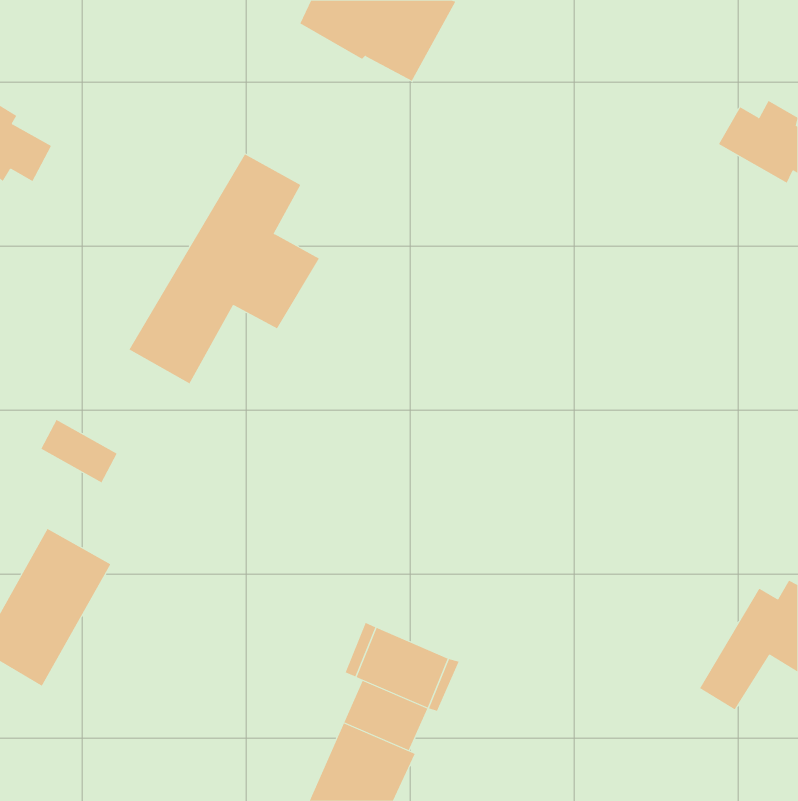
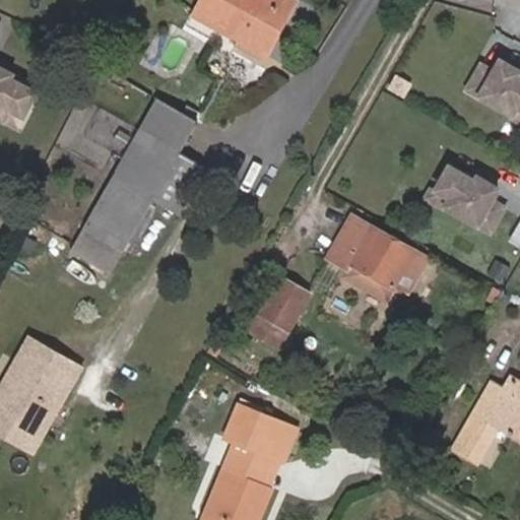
building: none -> [432,170,500,234]
building: none -> [329,215,414,299]
building: [41,419,117,483] -> [73,226,123,268]
building: none -> [249,277,309,346]

